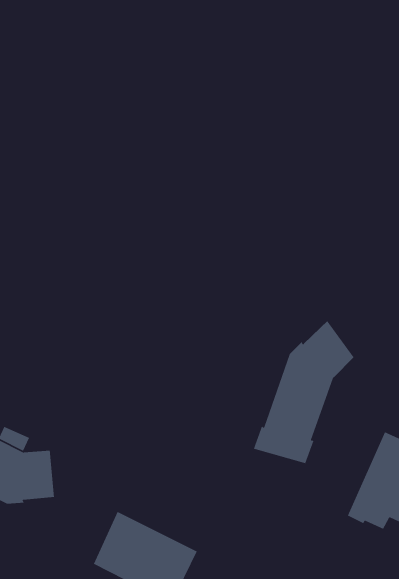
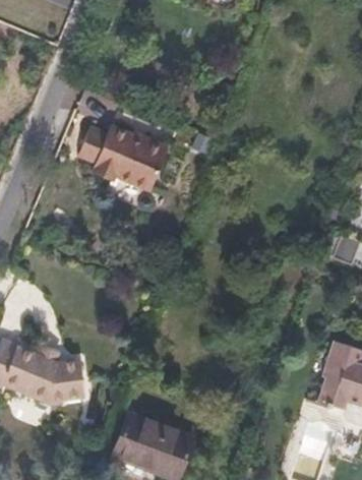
building: none -> [78,122,171,189]
building: [253,320,355,464] -> none

